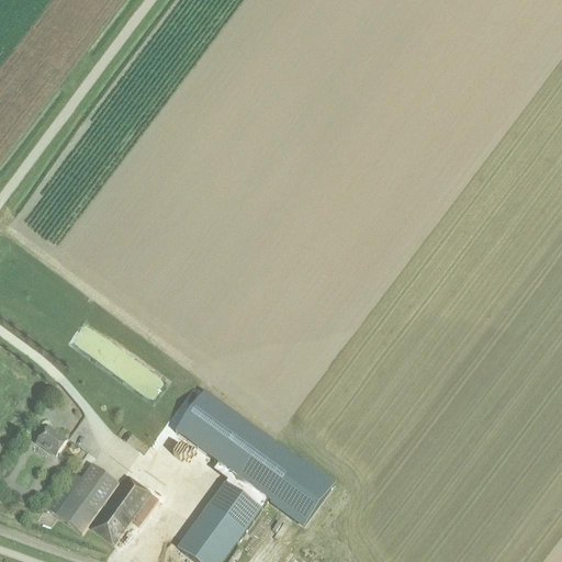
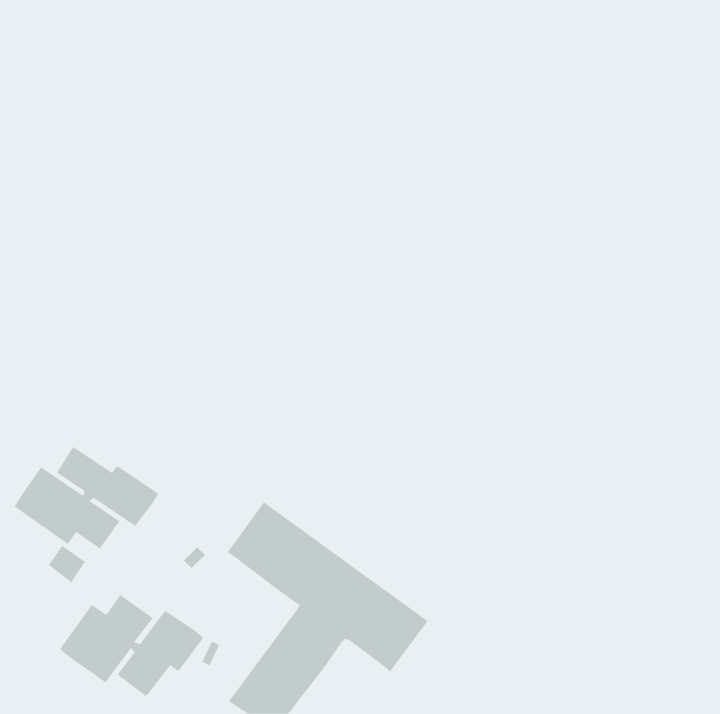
building: none -> [14,446,159,549]

